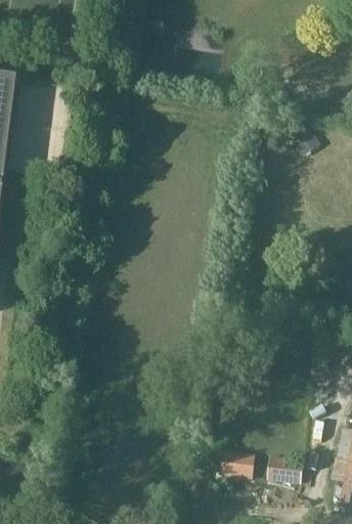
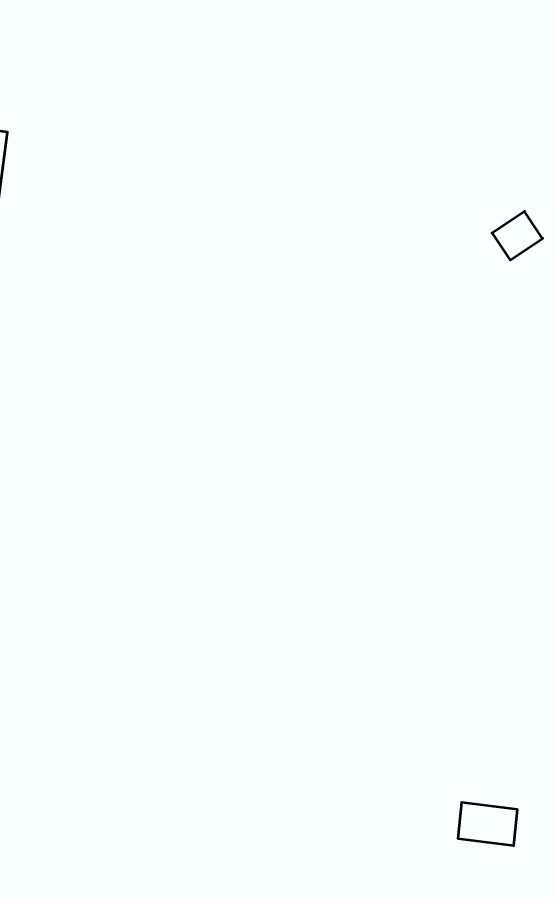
building: [220,448,256,474] -> none

